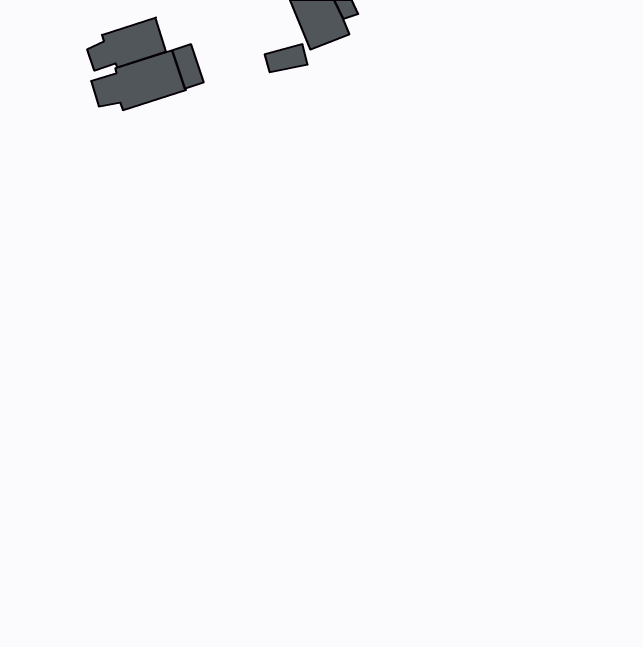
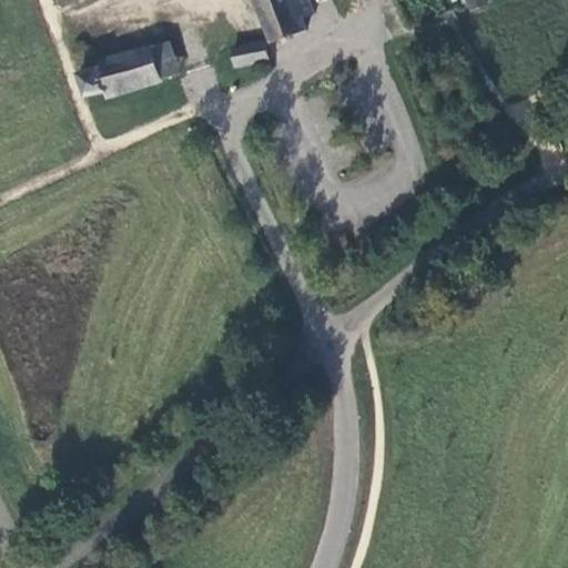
building: [87,17,166,71] -> none

